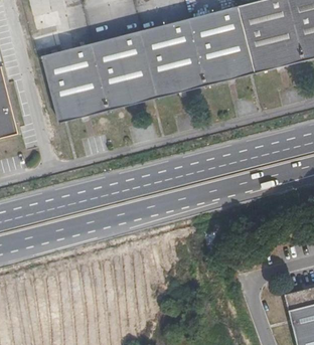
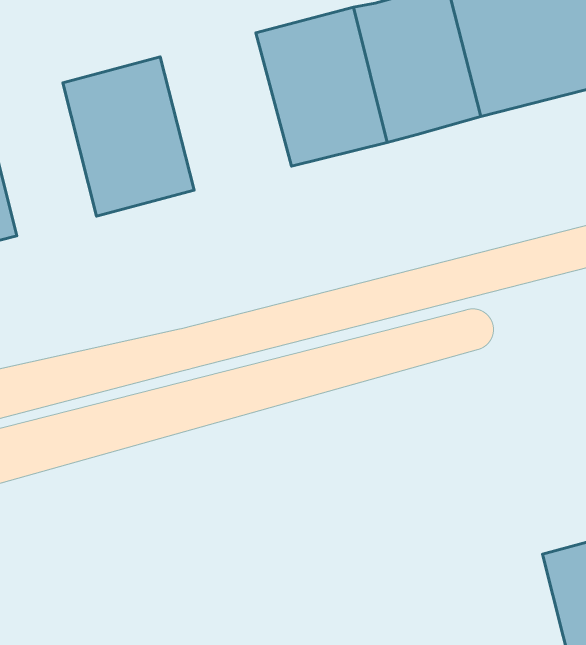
building: [92,30,158,110] -> none

